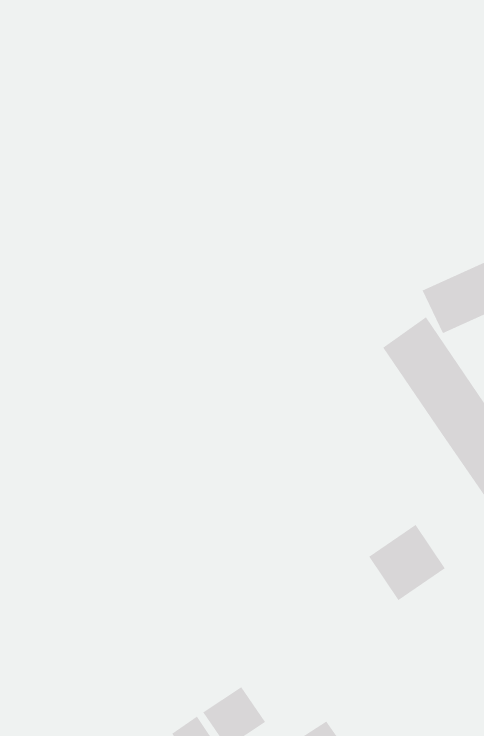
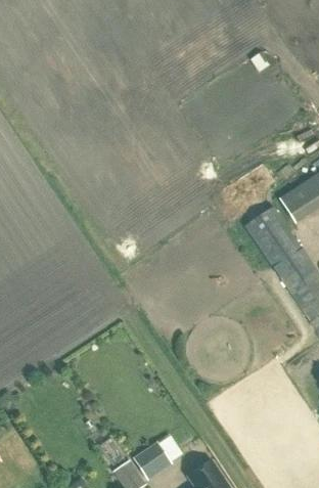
building: [368,524,446,601] -> none

